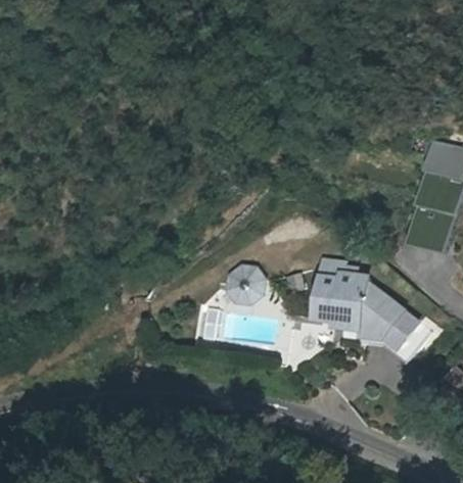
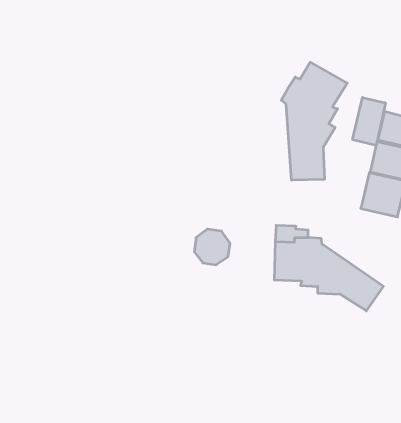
building: none -> [281,62,347,180]
building: none -> [353,97,385,145]

